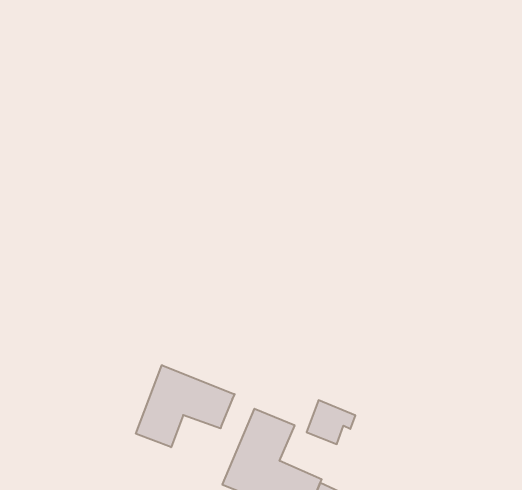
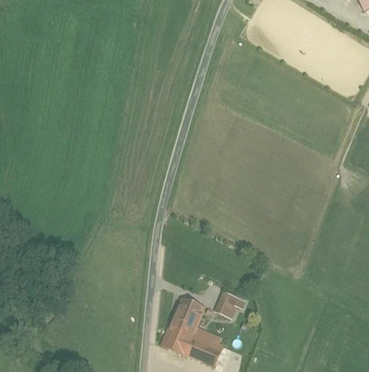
building: [136,365,235,447] -> none

